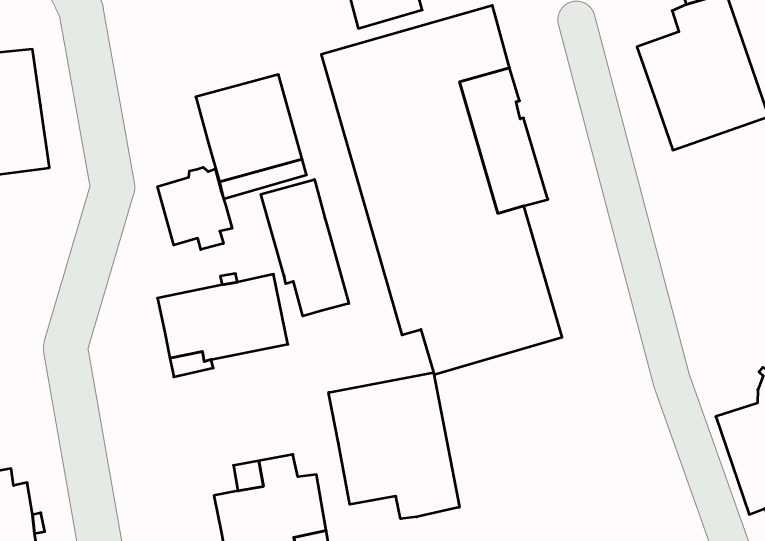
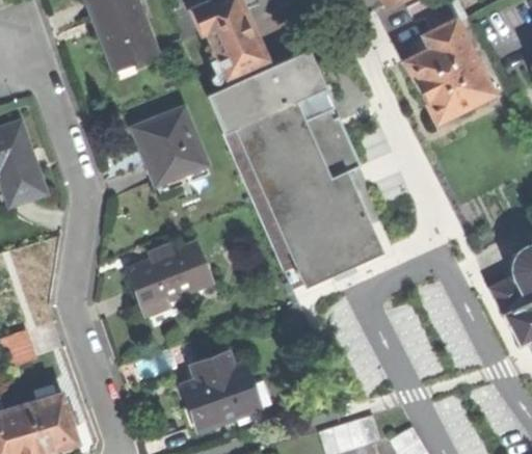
building: [158,167,232,250] -> none
building: [261,179,349,316] -> none
building: [329,373,459,519] -> none

